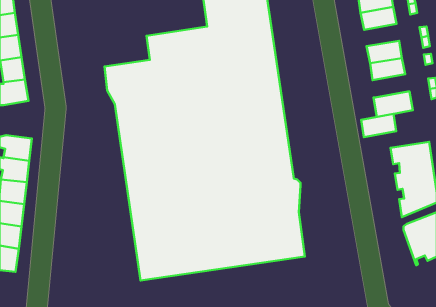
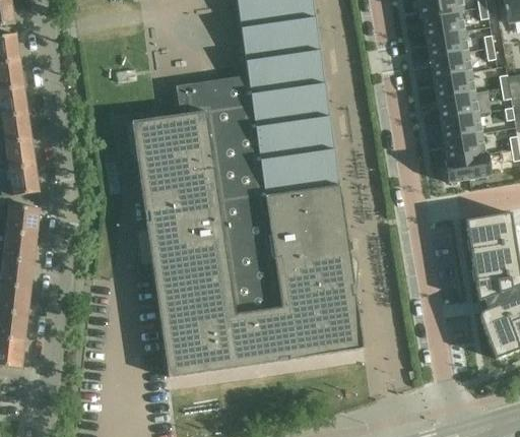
building: none -> [433,71,474,98]
building: none -> [5,163,39,194]
building: [361,114,396,137] -> [443,131,484,159]

